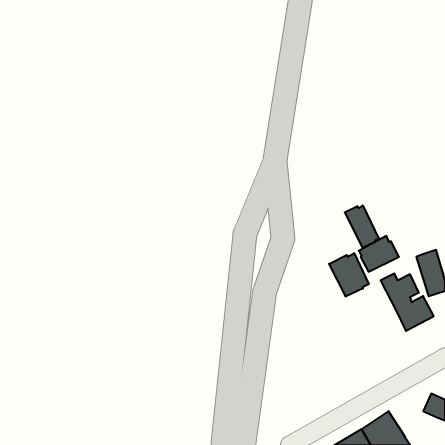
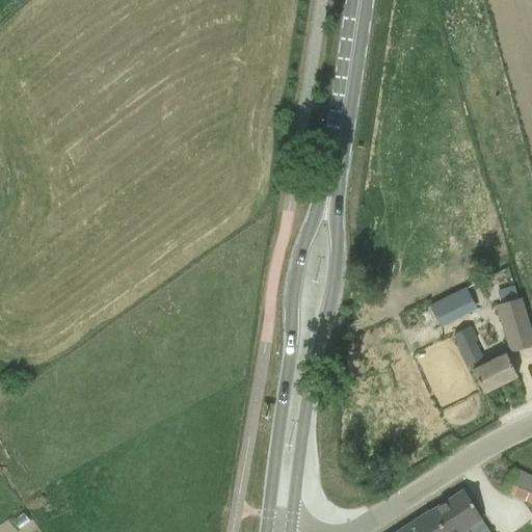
building: [345,205,379,248] -> none
building: [329,253,369,297] -> none

